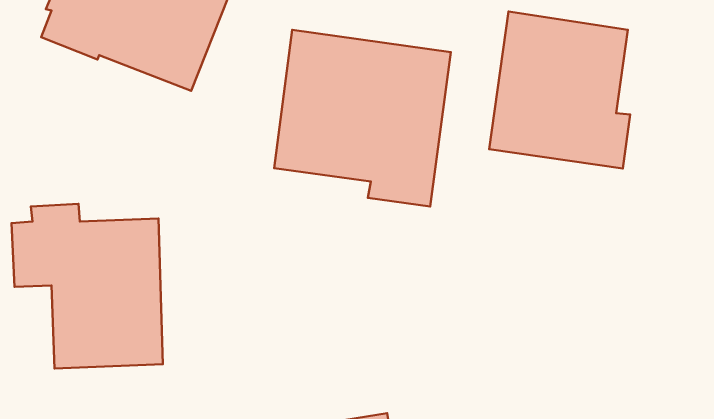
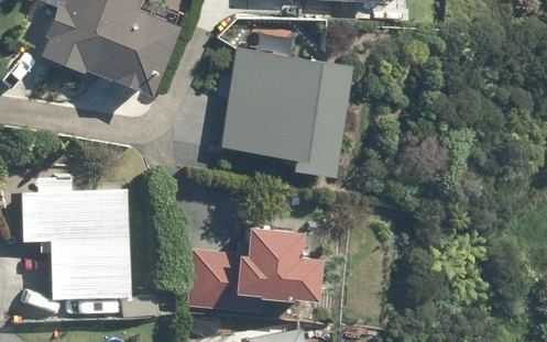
building: [489,12,630,169] -> none
building: none -> [185,227,324,316]

